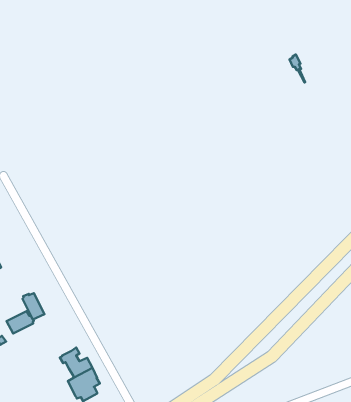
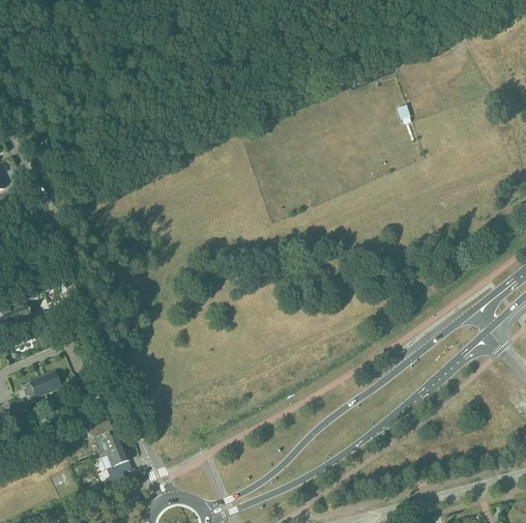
building: [22,293,44,320] -> none

